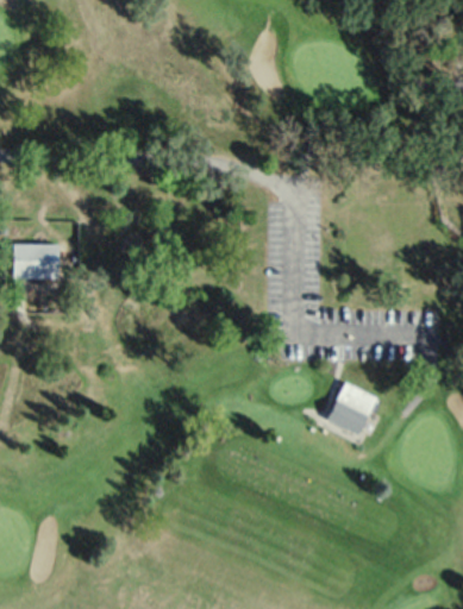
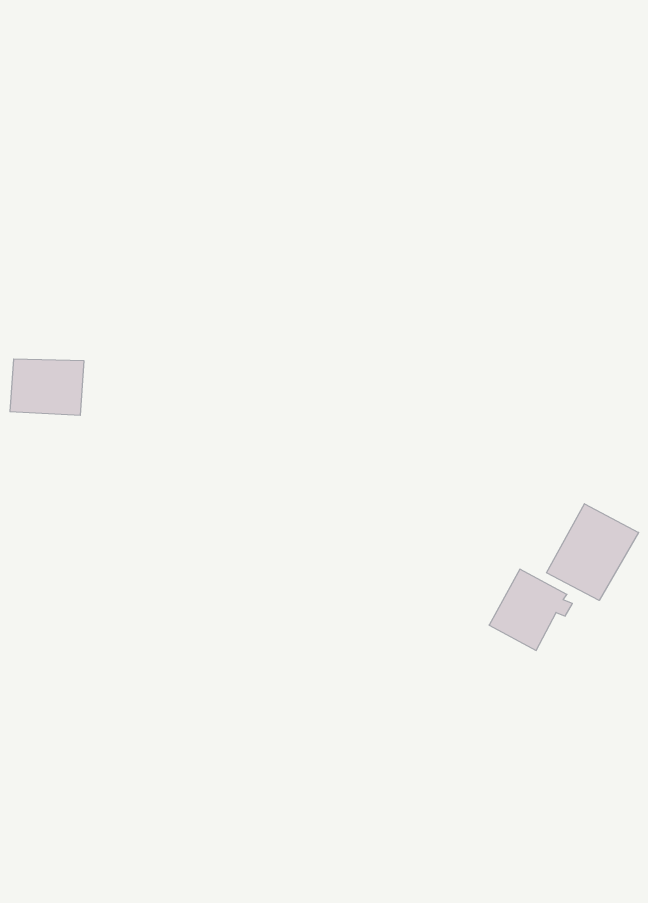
building: none -> [547,504,639,600]

